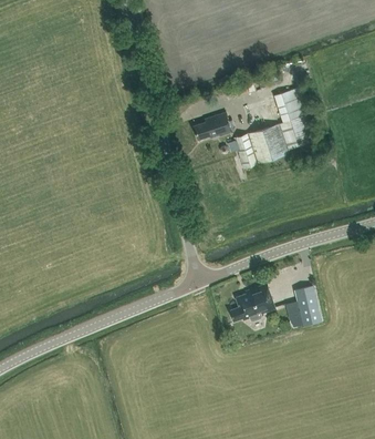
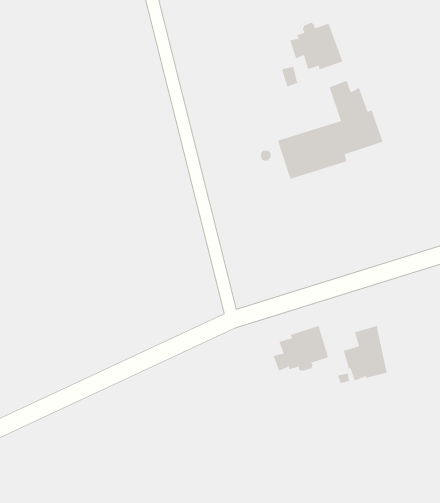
building: none -> [290,22,343,70]
building: [194,113,232,141] -> none

